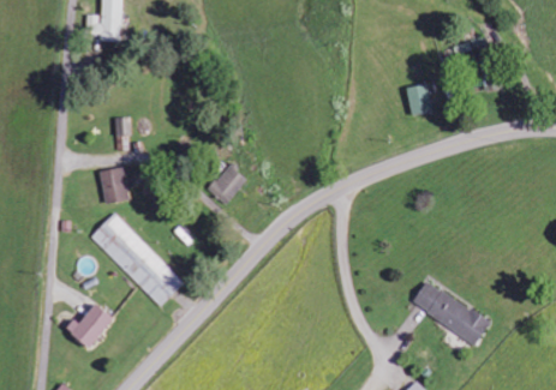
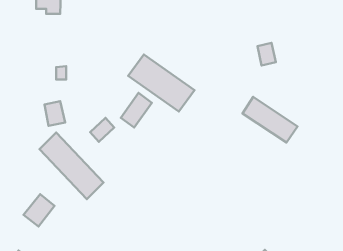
building: none -> [128,54,195,111]
building: none -> [90,118,114,142]
building: [412,280,491,346] -> [243,97,297,142]

